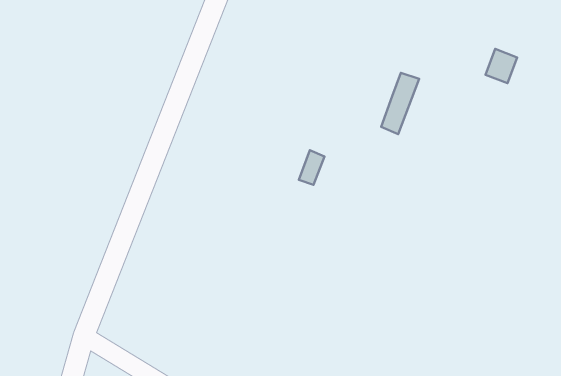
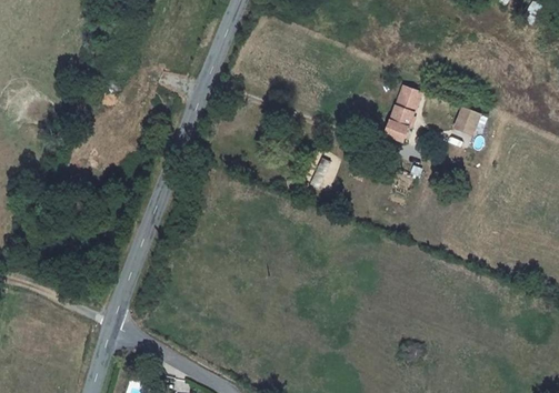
building: [485,49,517,83] -> [455,102,483,133]

